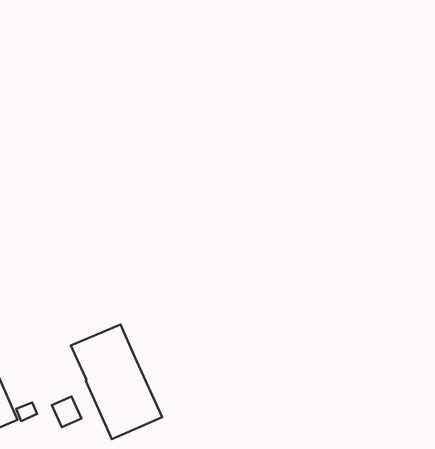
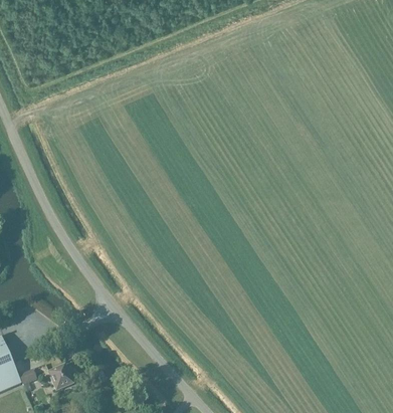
building: [71,325,162,439] -> none

